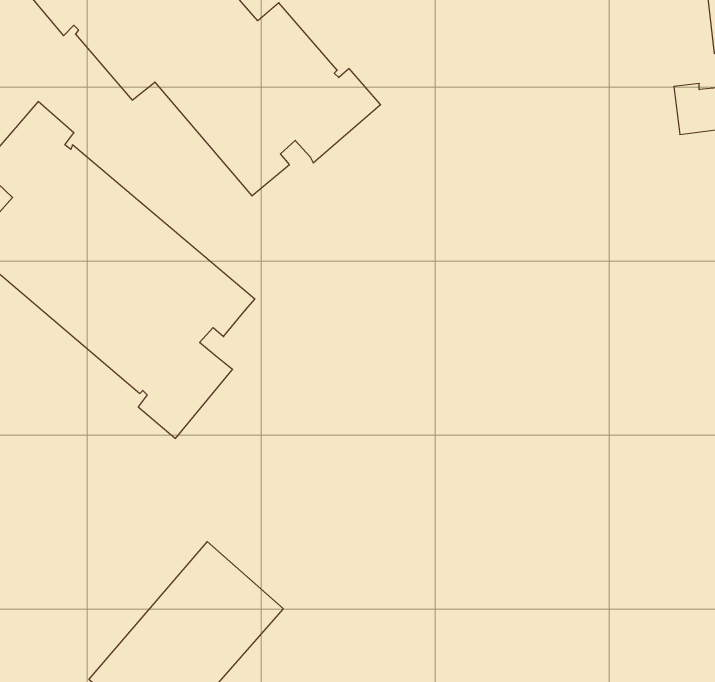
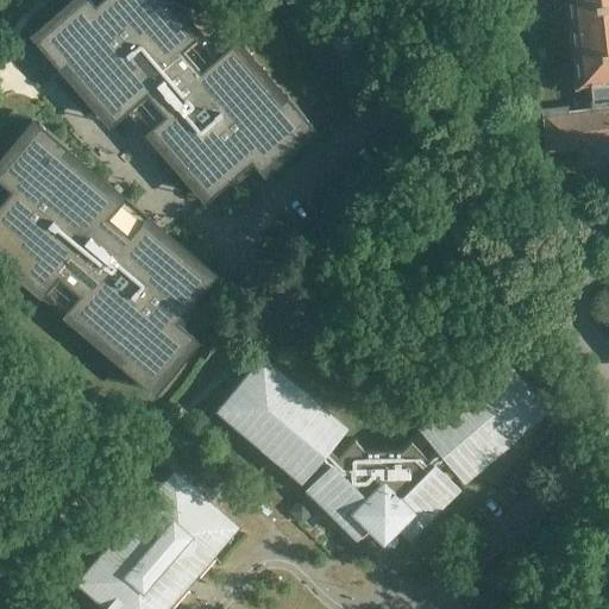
building: none -> [220,363,545,540]

